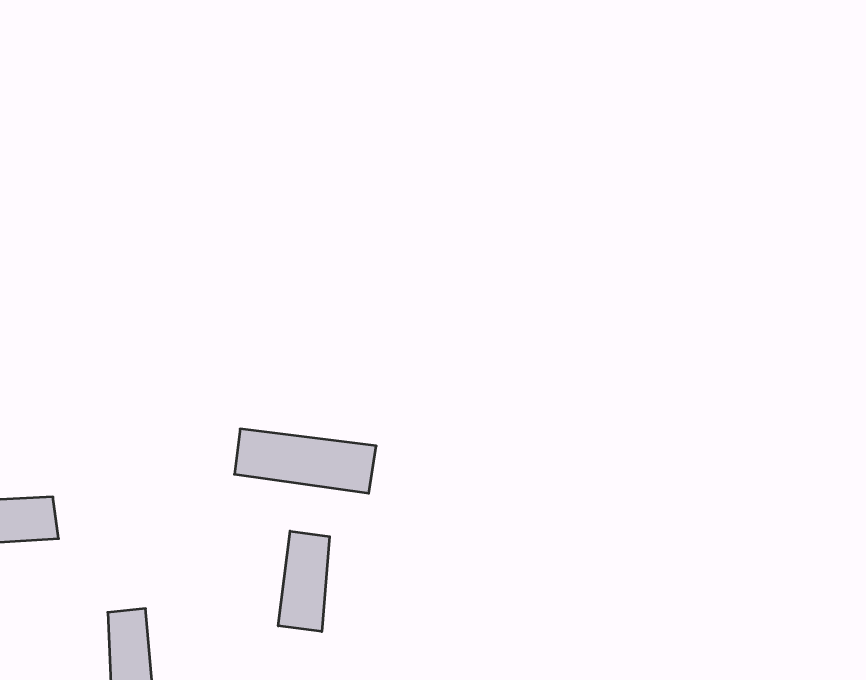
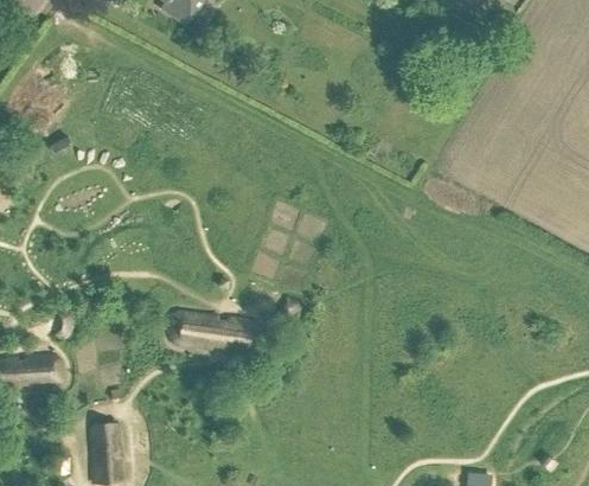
building: [278,531,330,632] -> none

